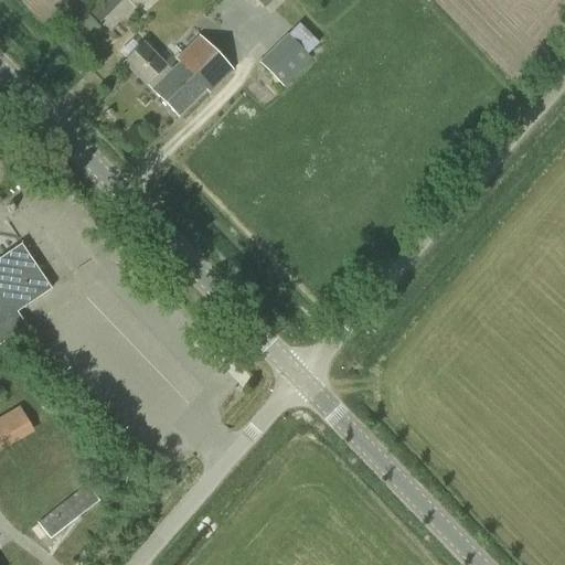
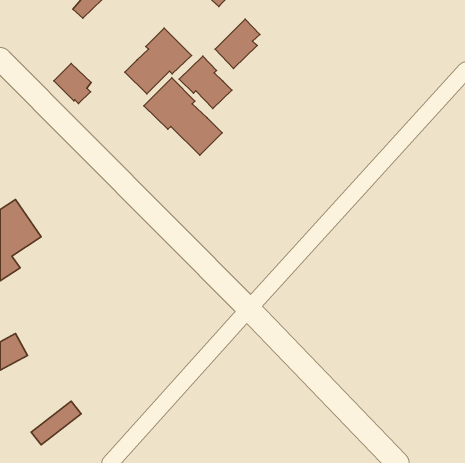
building: [122,39,168,87] -> [54,63,91,104]
building: none -> [179,56,232,108]
building: none -> [144,78,222,155]

